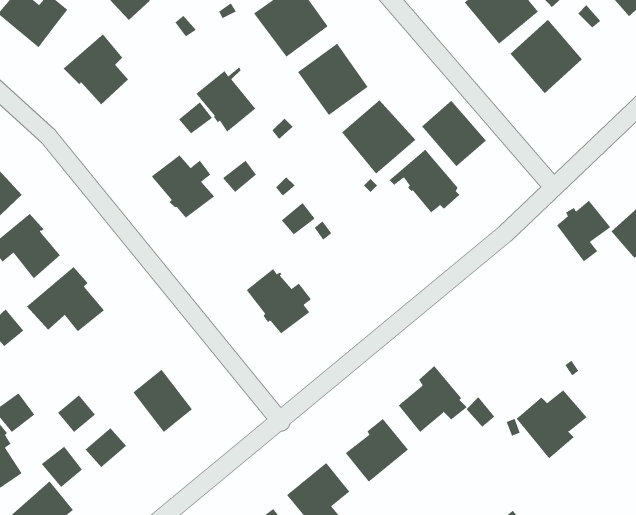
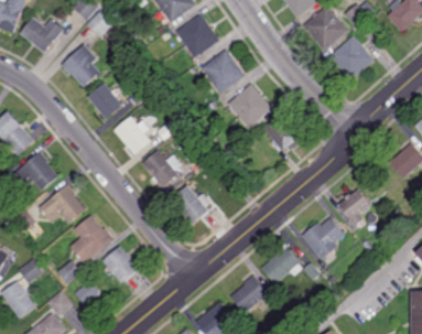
building: [196,66,256,132] -> [86,79,122,119]
building: [421,100,487,167] -> none
building: [556,200,611,262] -> [338,188,371,226]
building: none -> [141,149,181,187]
building: none -> [68,215,112,262]
building: [516,390,587,459] -> [302,217,345,259]

